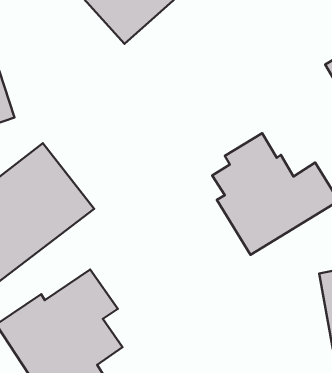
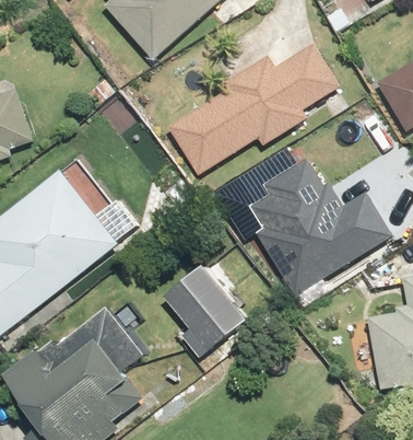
building: none -> [167,43,339,174]
building: none -> [167,263,257,371]

